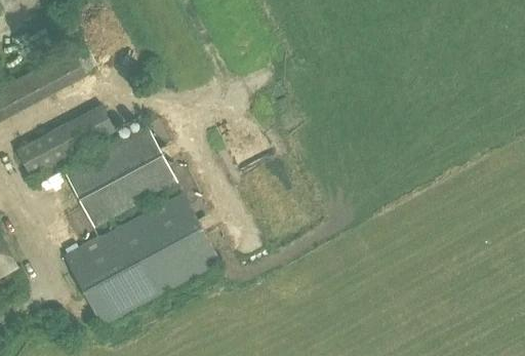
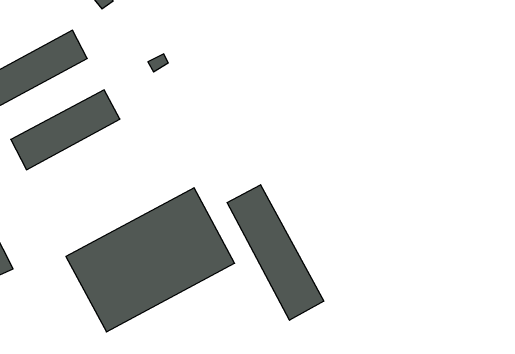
building: [62,122,176,228] -> none
building: none -> [227,185,324,320]

